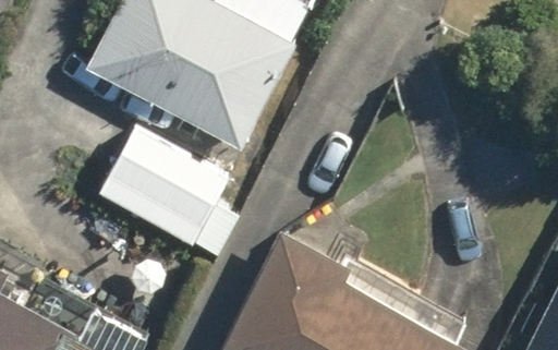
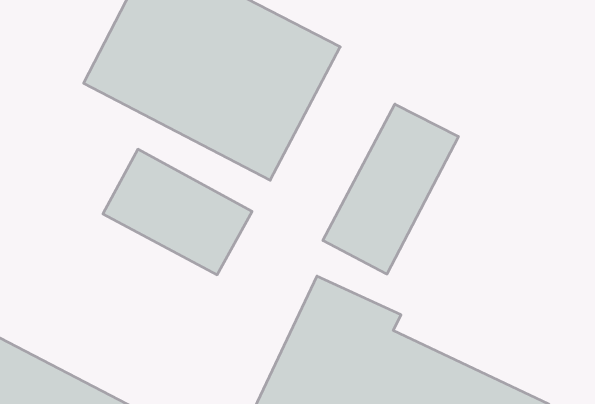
building: none -> [323,104,458,274]

